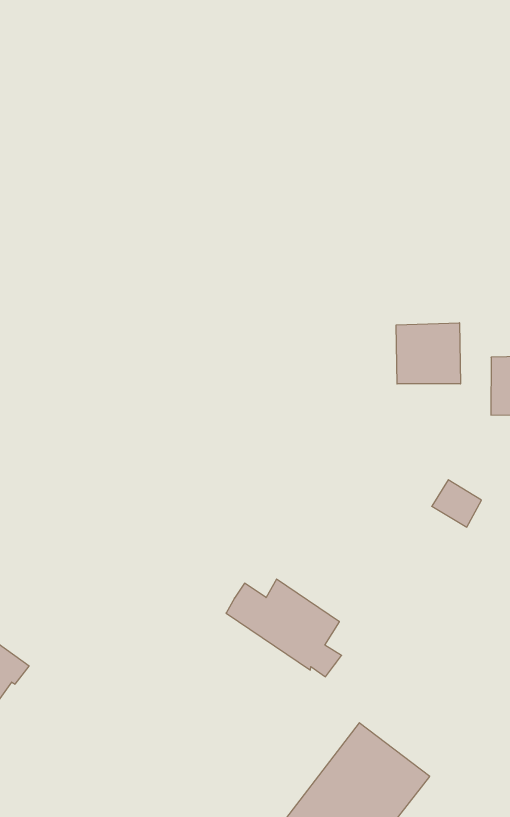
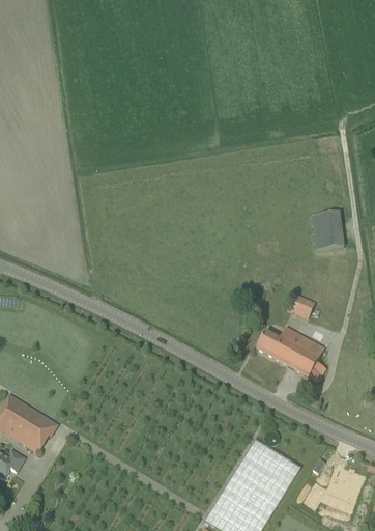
building: [396,323,460,384] -> none
building: [226,579,342,677] -> [256,325,326,380]

